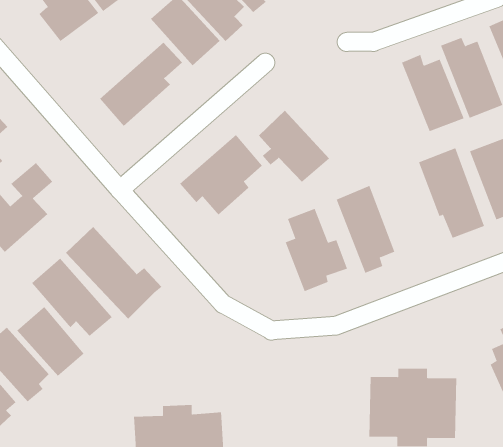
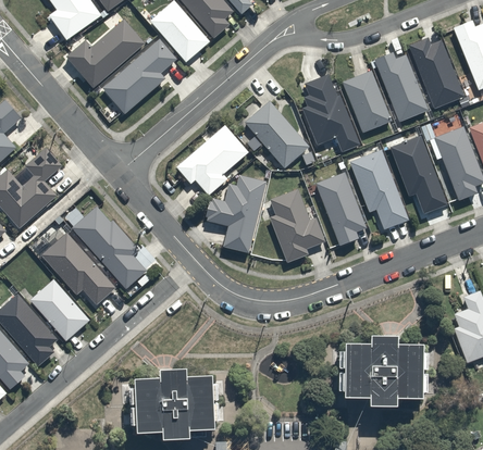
building: none -> [65,18,148,90]
building: none -> [340,70,393,133]
building: none -> [298,74,360,151]
building: none -> [348,149,410,230]
building: none -> [203,175,267,253]

